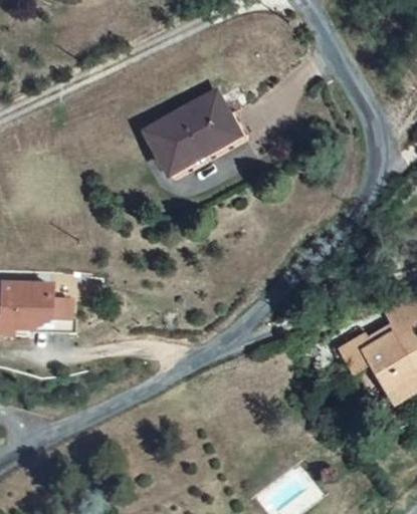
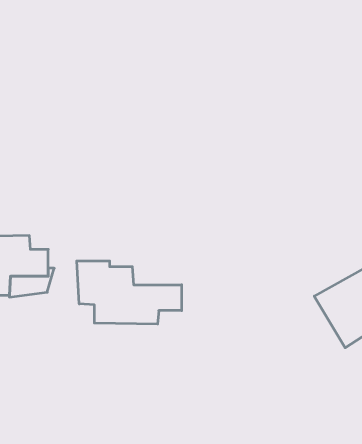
building: [151,94,237,166] -> none
building: none -> [77,261,182,324]

